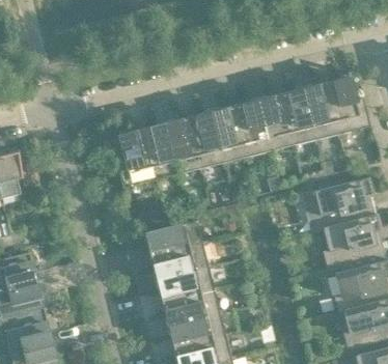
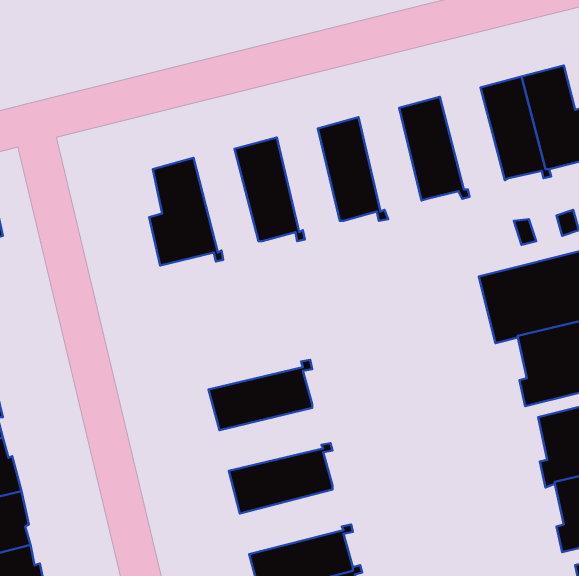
building: [279,87,318,144] -> none
building: [233,99,273,157] -> none
building: [188,110,226,168] -> none
building: [141,121,181,179] -> none
building: [144,220,202,256] -> none
building: [156,262,214,302] -> none
building: [167,309,225,348] -> none

